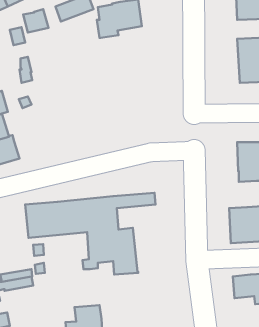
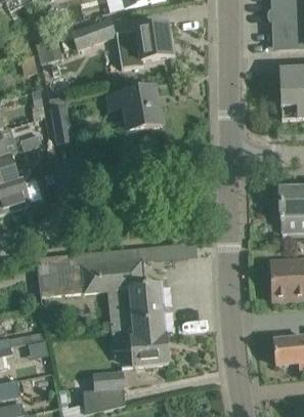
building: none -> [106,85,162,130]
building: none -> [48,94,72,142]
building: none -> [111,321,168,365]

